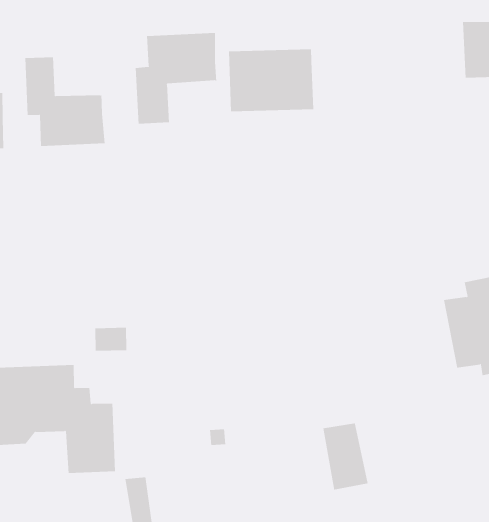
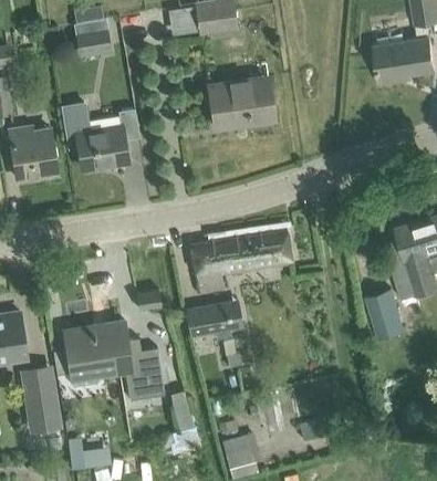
building: [135,32,217,125] -> none
building: none -> [190,228,293,295]
building: none -> [201,301,242,335]
building: [322,423,369,490] -> [366,289,404,338]

